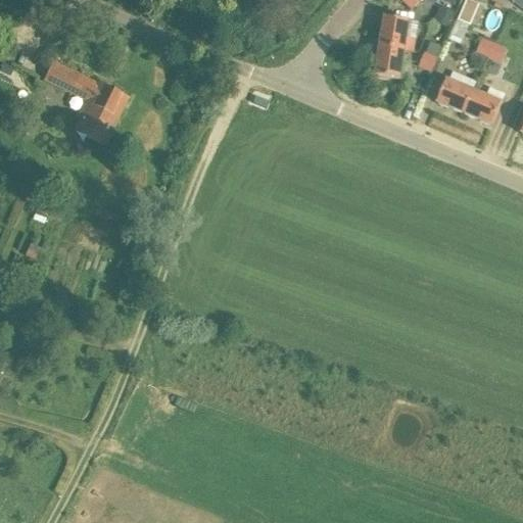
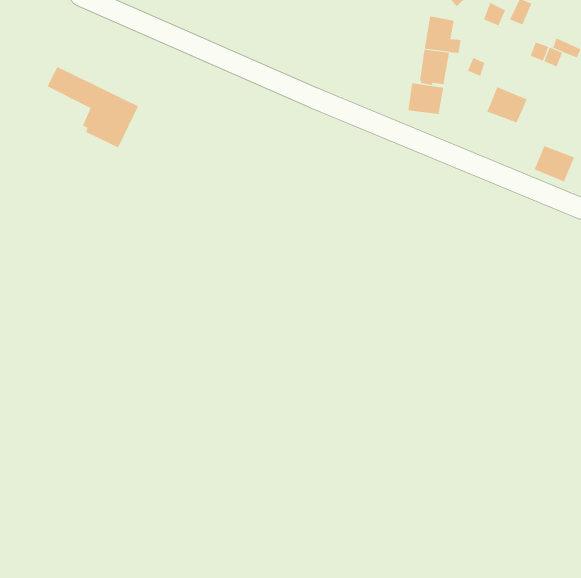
building: none -> [408,82,444,115]
building: [464,89,501,122] -> [534,146,575,182]

